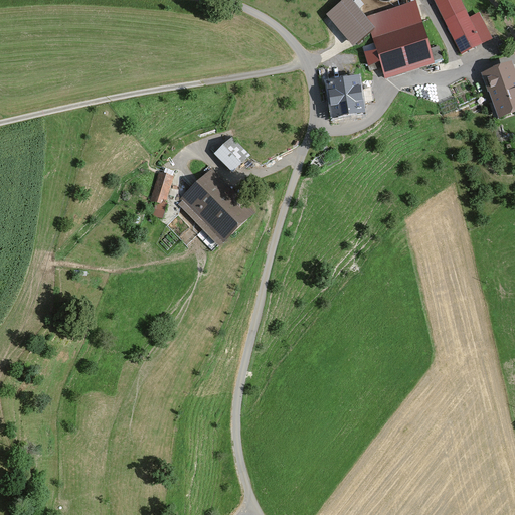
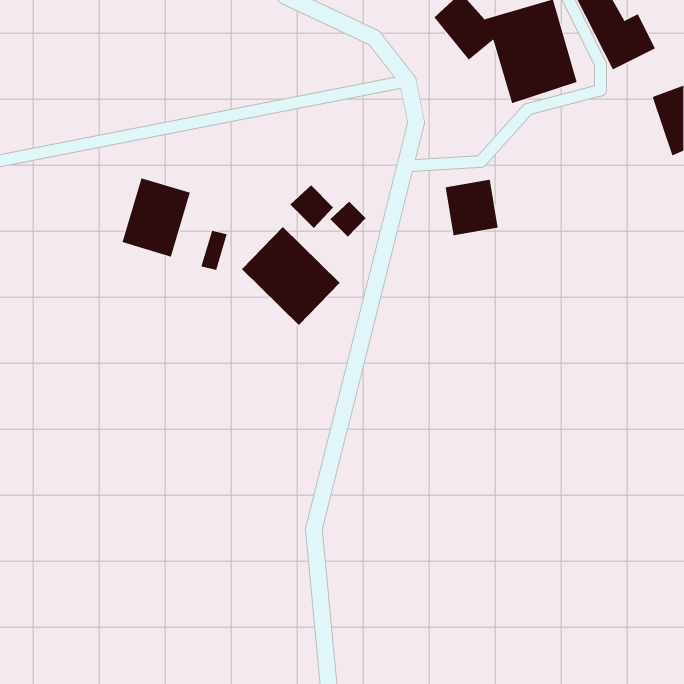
building: [330,74,370,117] -> [445,179,499,236]
building: none -> [122,177,190,257]
building: none -> [330,201,366,238]

